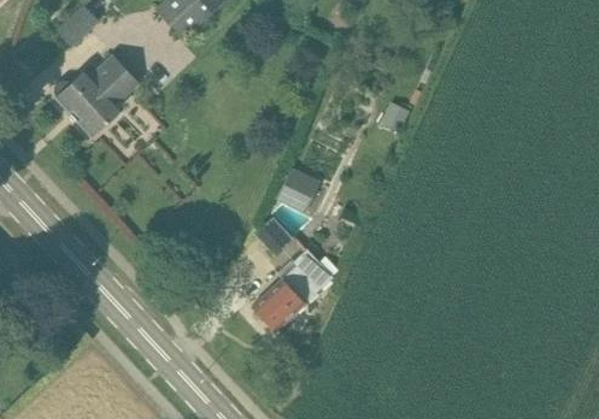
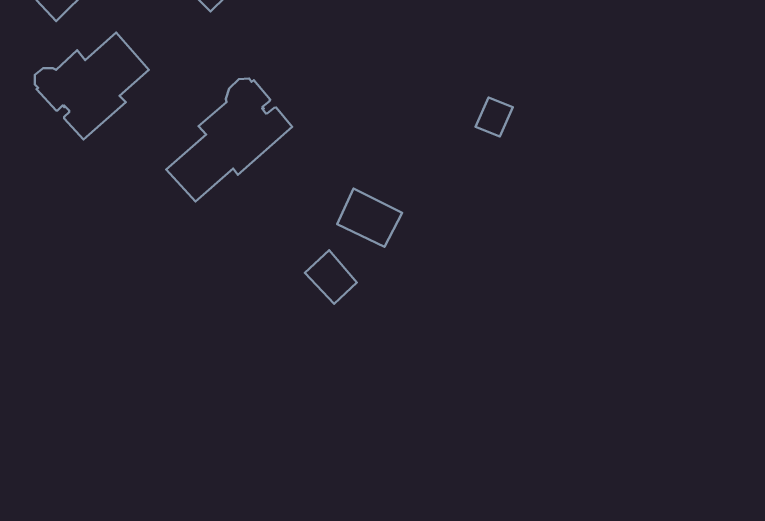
building: none -> [166,79,292,202]
building: [251,249,331,332] -> none

